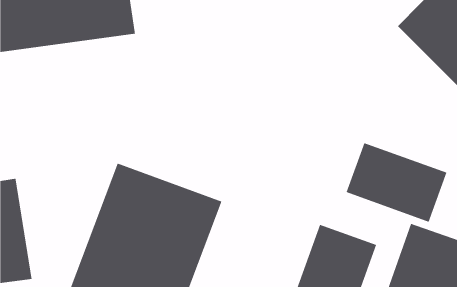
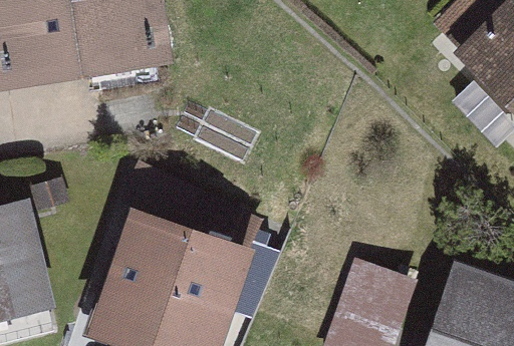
building: [346,142,447,223] -> none

